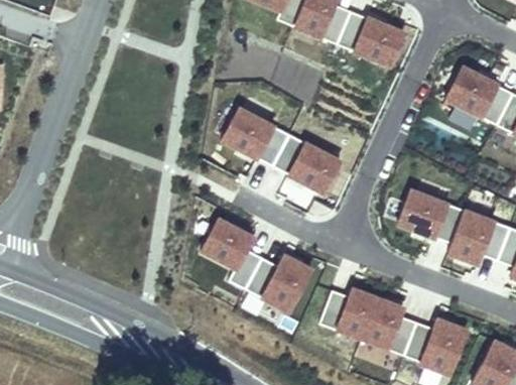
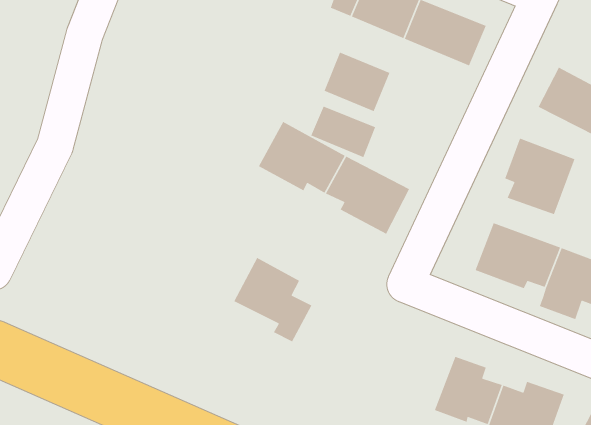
building: none -> [310,105,376,158]
building: none -> [504,138,576,215]
building: [247,254,313,315] -> none
building: [320,289,379,344] -> none

